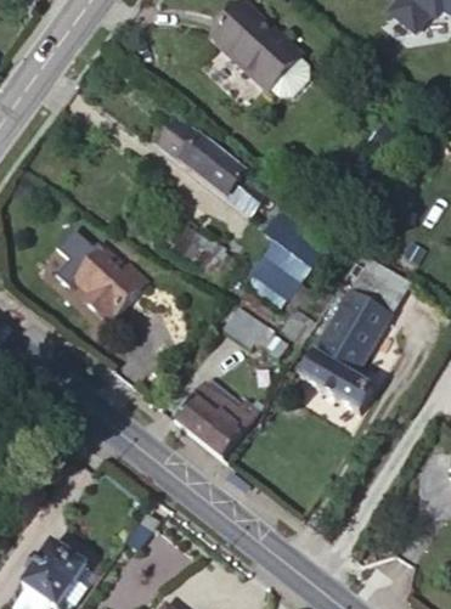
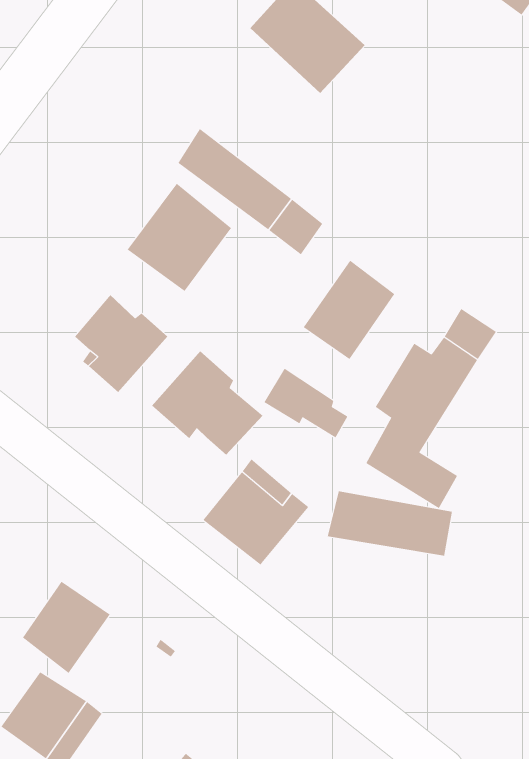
building: none -> [127,183,232,292]
building: none -> [151,350,263,455]
building: none -> [327,490,452,556]
building: none -> [22,581,111,674]

